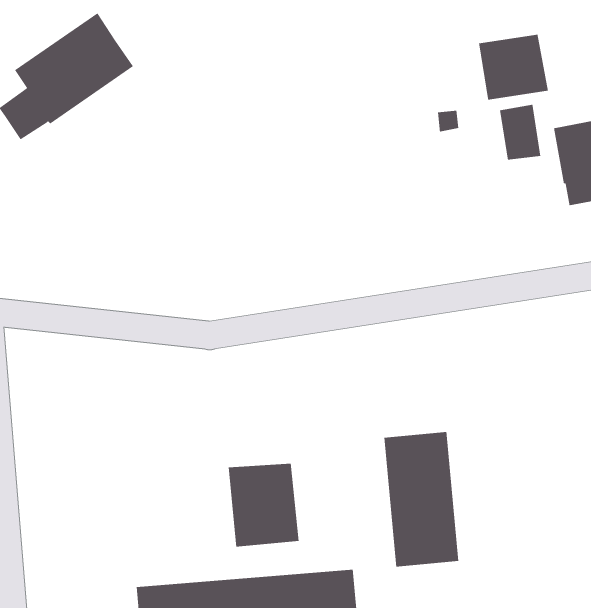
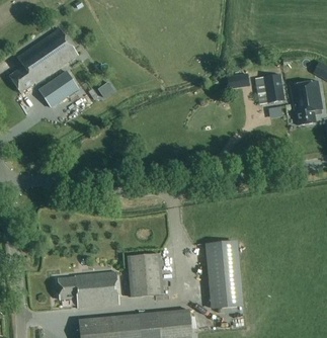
building: [479,34,549,101] -> none
building: none -> [42,71,79,106]
building: none -> [57,272,117,308]

